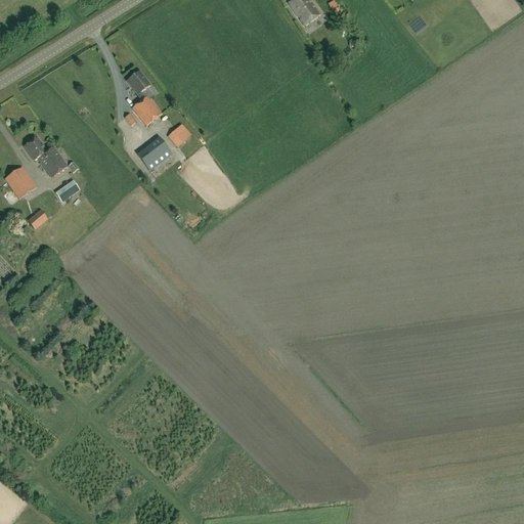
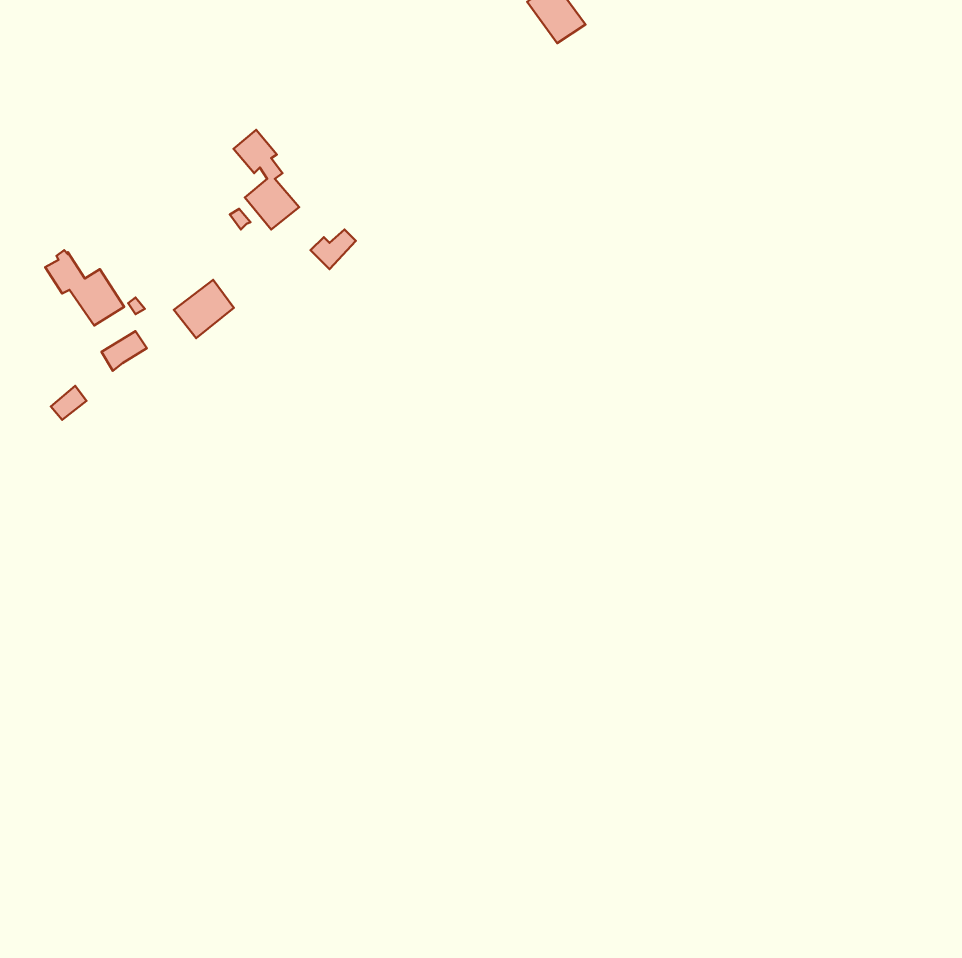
building: [138,137,171,169] -> [174,280,234,338]
building: [5,166,36,199] -> none

